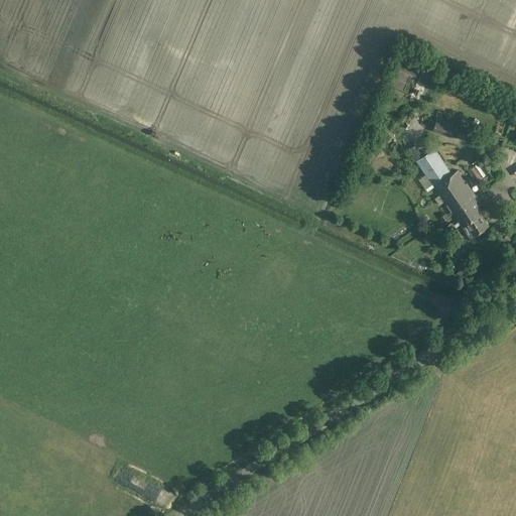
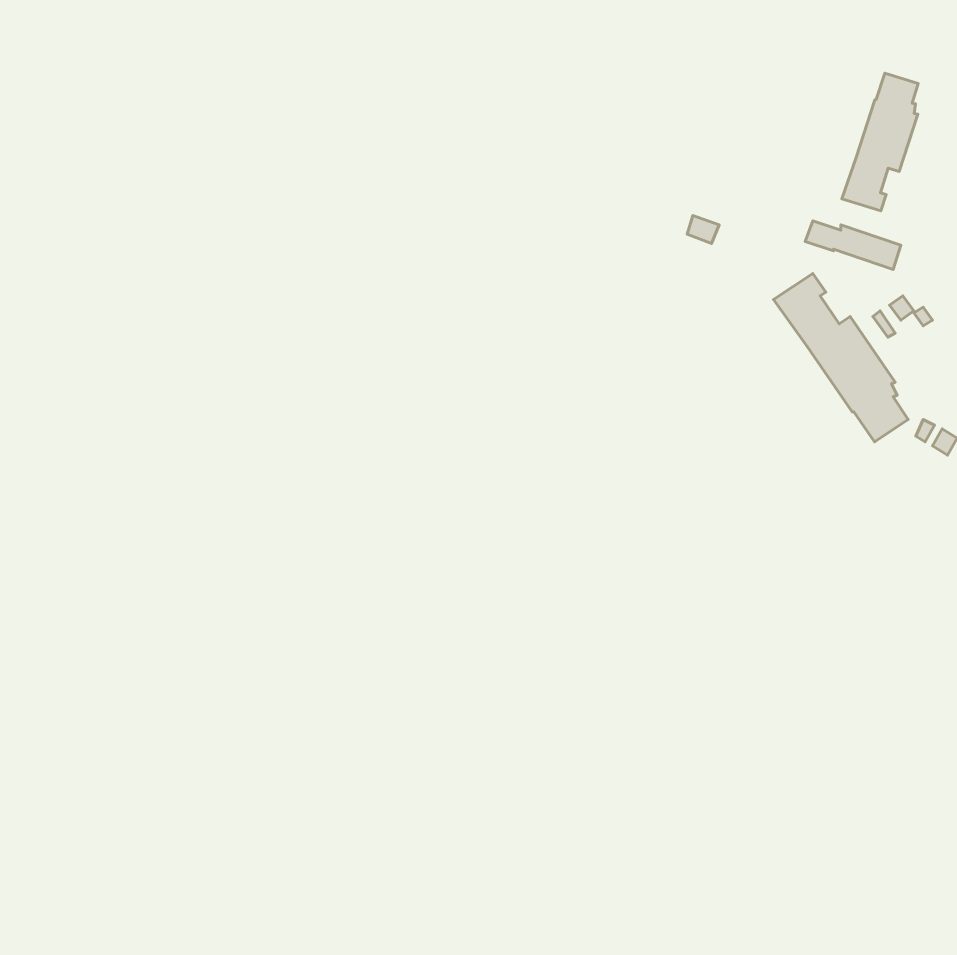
building: none -> [842,73,918,211]

